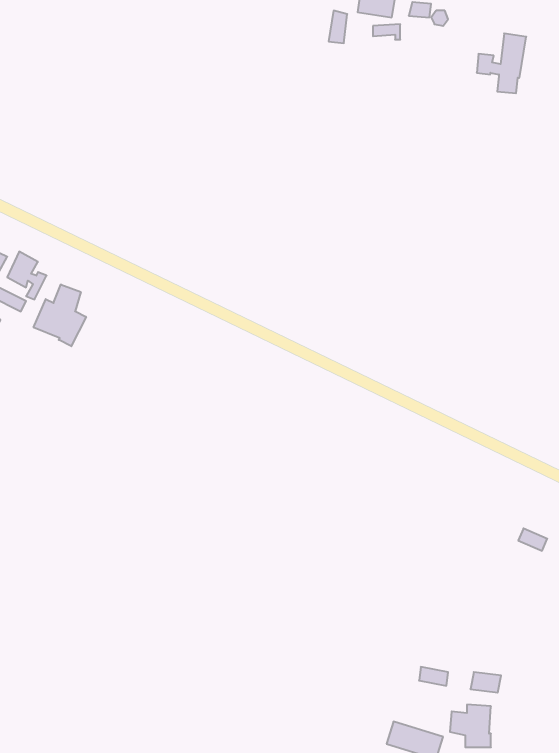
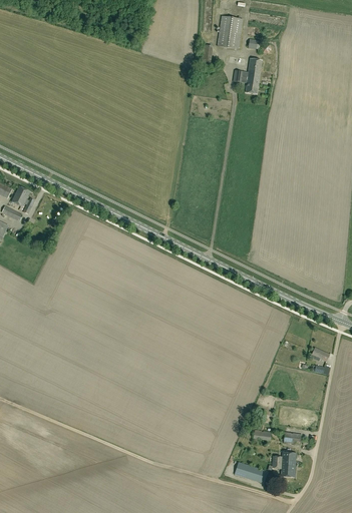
building: [477,33,526,93] -> [233,59,262,94]
building: [34,284,86,346] -> none

